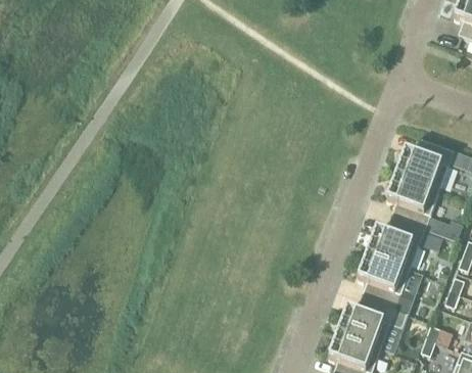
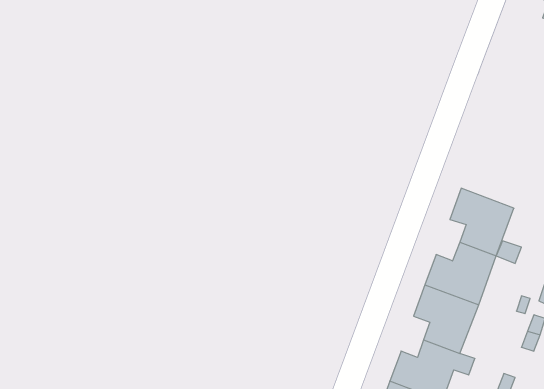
building: [395,141,454,193] -> none

